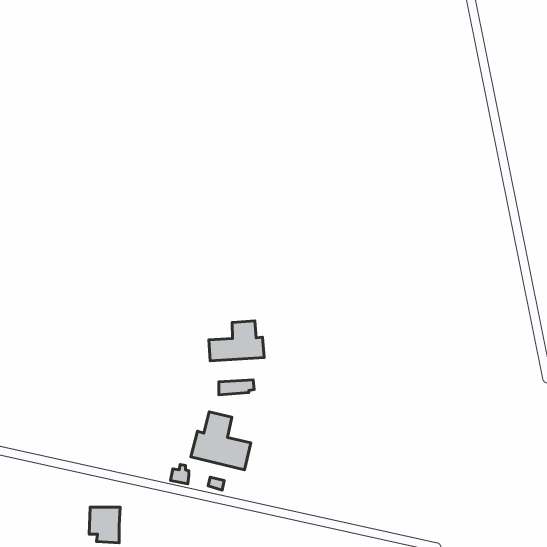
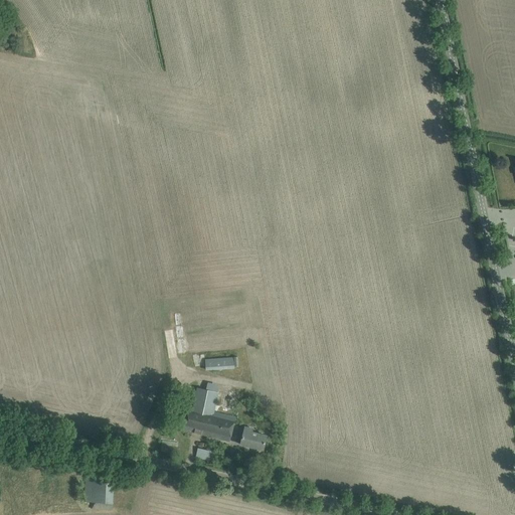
building: [209,321,264,361] -> none
building: none -> [240,424,267,449]

